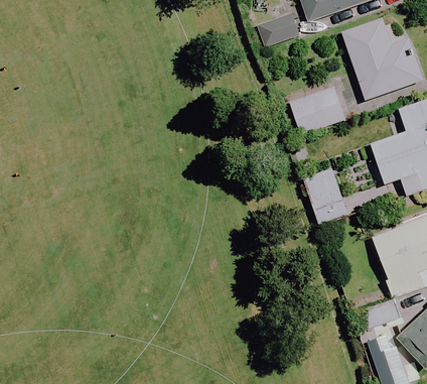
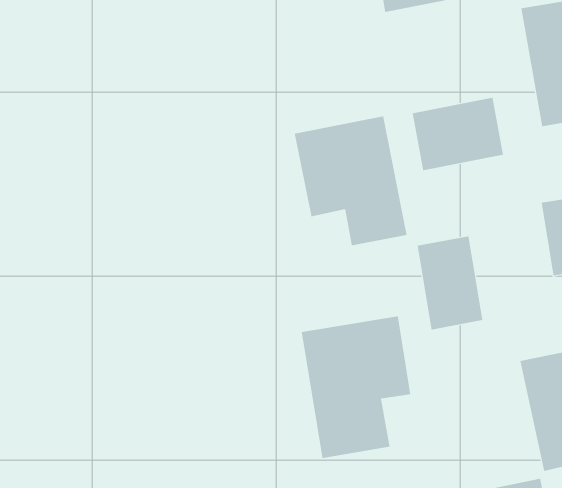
building: none -> [294,115,407,246]
building: none -> [301,315,411,459]

